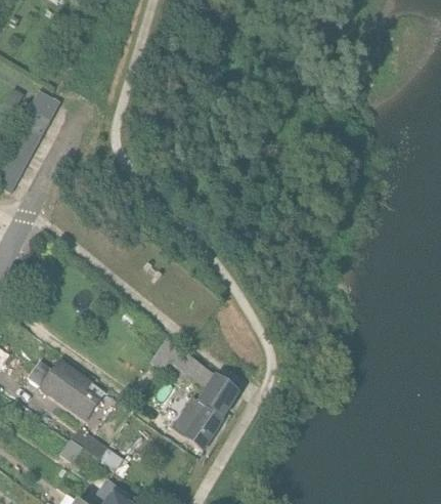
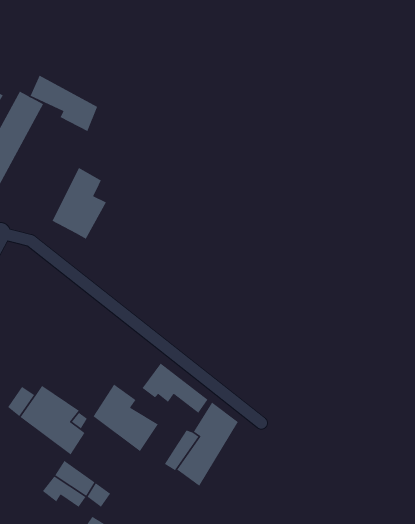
building: none -> [30,74,98,132]
building: none -> [51,167,107,240]
building: none -> [92,384,159,452]

